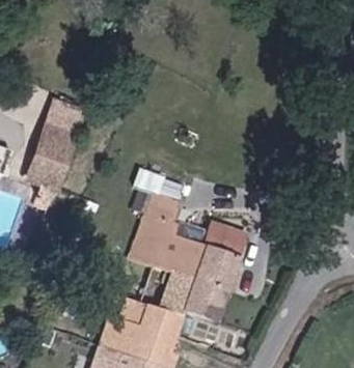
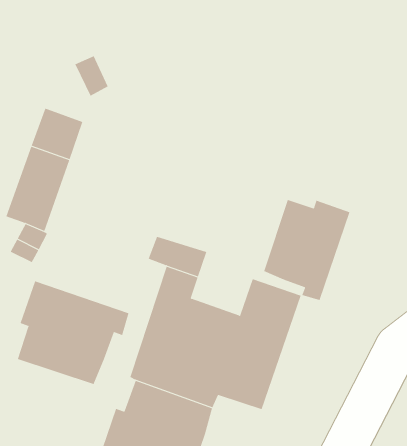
building: none -> [263,199,350,301]
building: none -> [17,280,129,385]

